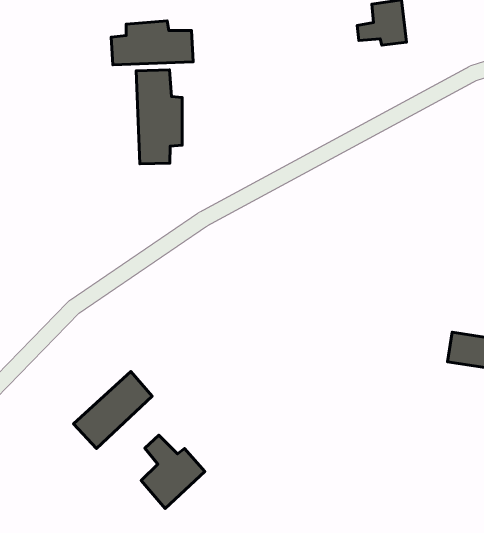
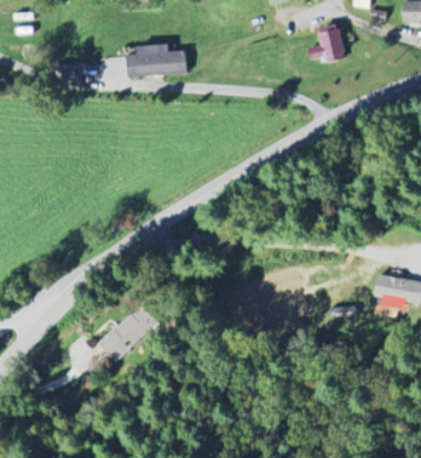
building: [136,70,182,164] -> none
building: [141,435,205,509] -> none

